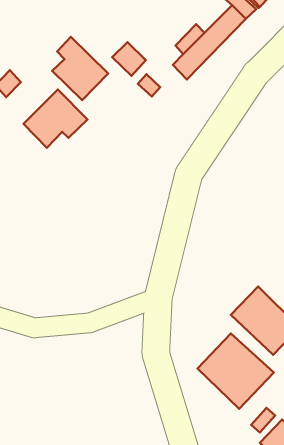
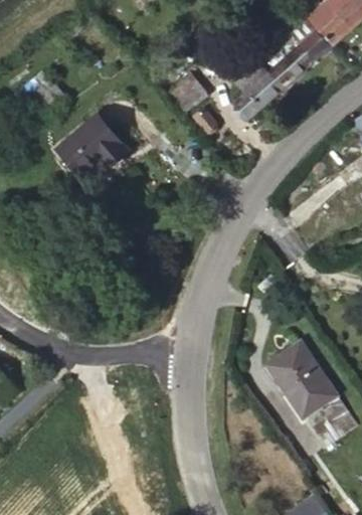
building: [52,37,108,100] -> none
building: [197,333,274,409] -> none

